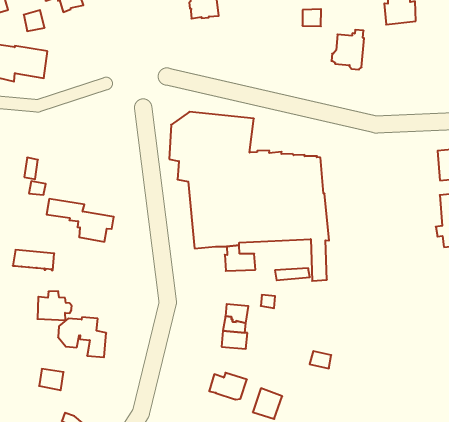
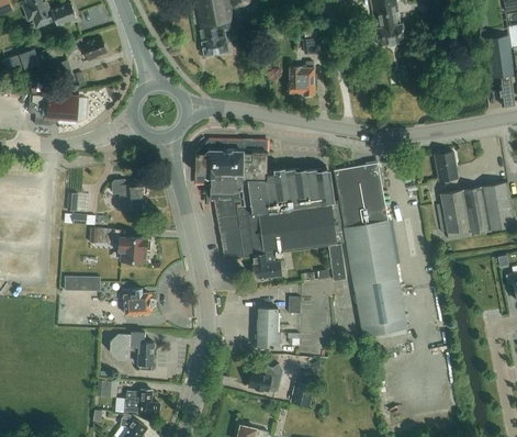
building: [331,30,364,70] -> [286,61,314,97]
building: none -> [113,179,148,209]
building: none -> [334,164,406,336]
building: [37,291,72,320] -> [124,289,155,315]
building: none -> [124,391,159,415]

